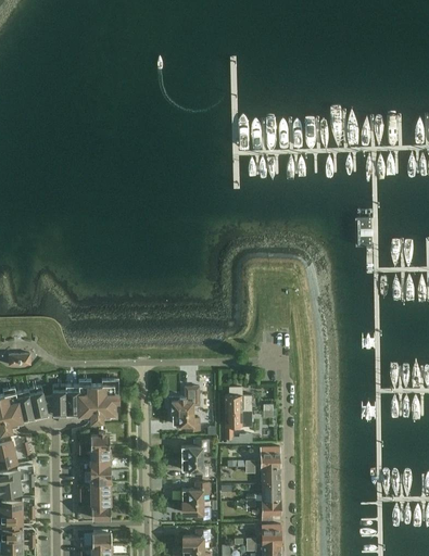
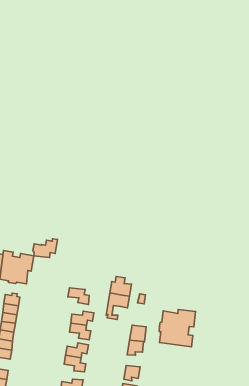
building: [167,387,197,413] -> [33,239,58,257]
building: none -> [159,310,196,347]
building: [243,480,278,501] -> none

